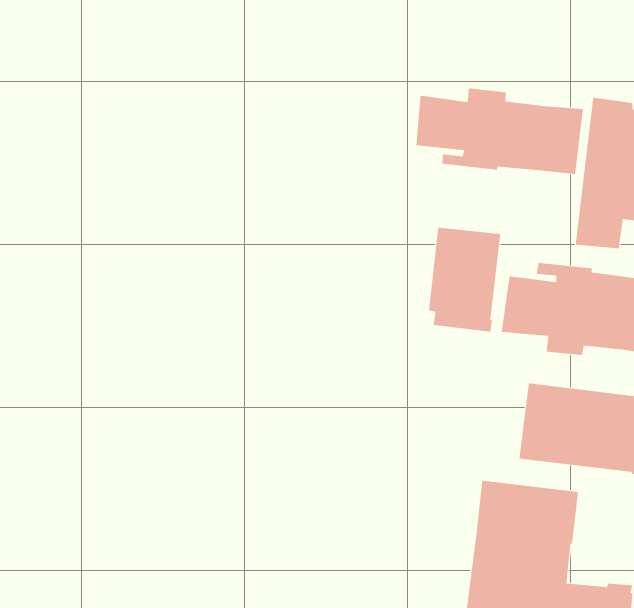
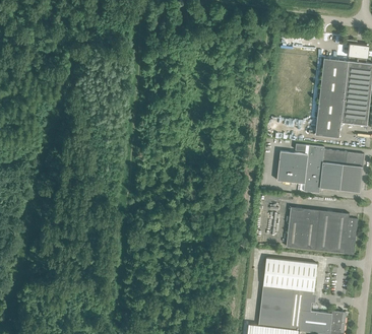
building: [416,87,583,175] -> none
building: [428,227,501,333] -> none

